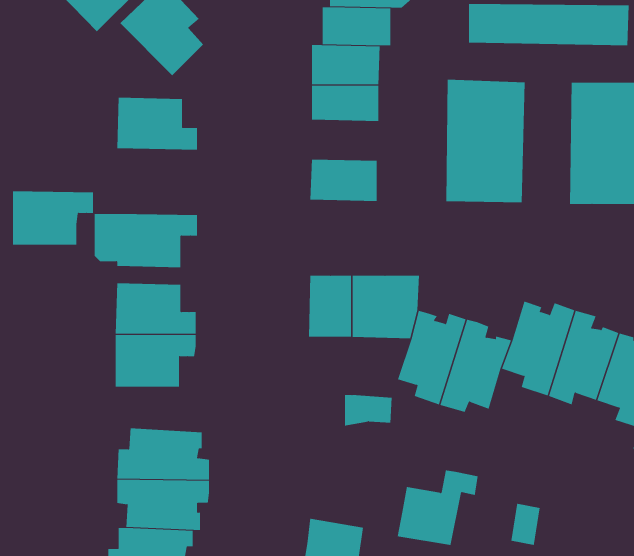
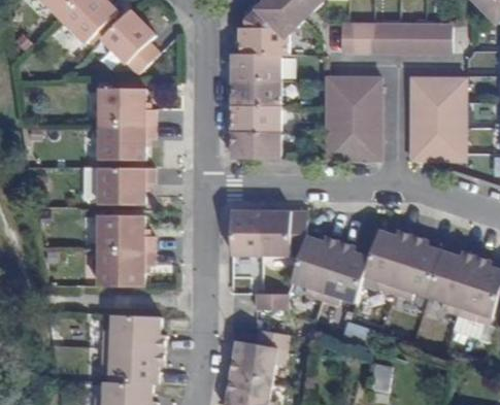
building: none -> [233,103,279,131]
building: [12,191,94,245] -> [100,123,156,160]
building: [397,470,478,545] -> [232,330,288,381]

